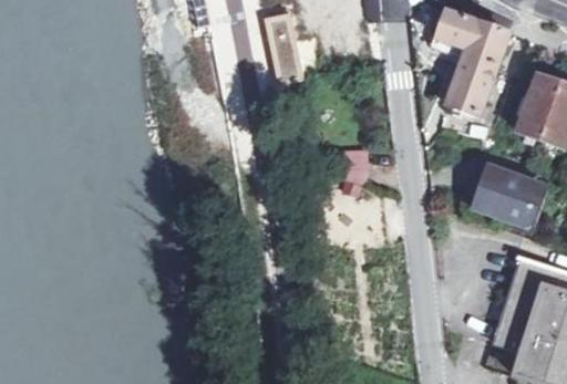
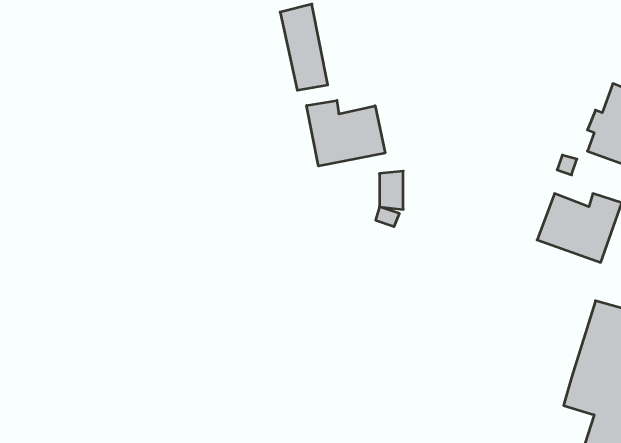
building: [437,11,508,116] -> none
building: none -> [307,100,385,166]

